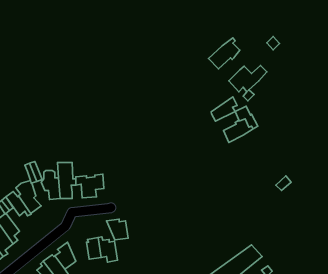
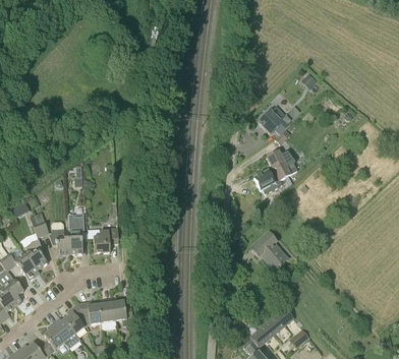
building: [208,38,240,69] -> none
building: [211,97,237,121] -> none
building: none -> [249,232,288,272]
building: [107,219,128,240] -> [77,301,102,324]

